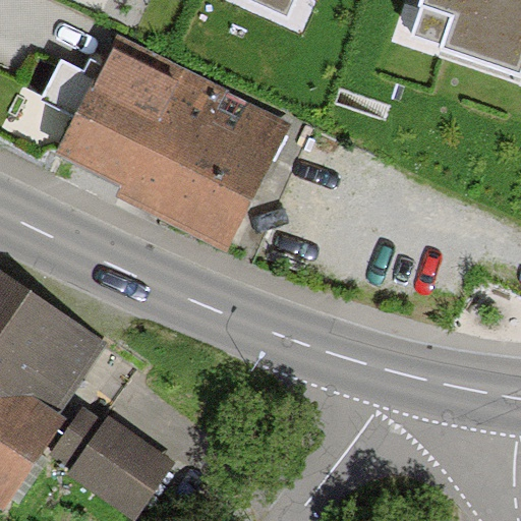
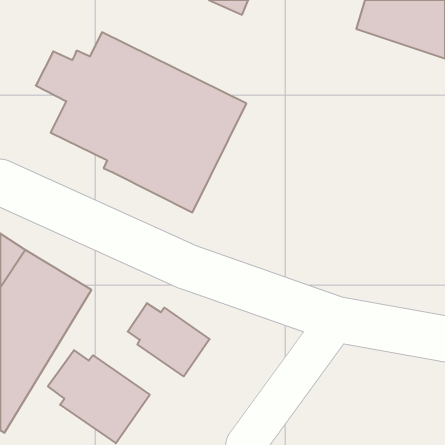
building: none -> [128,303,210,376]

